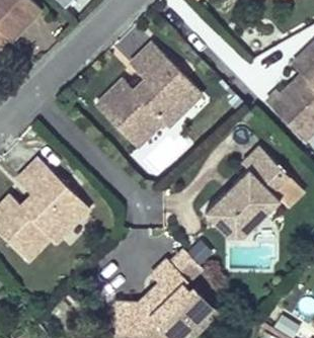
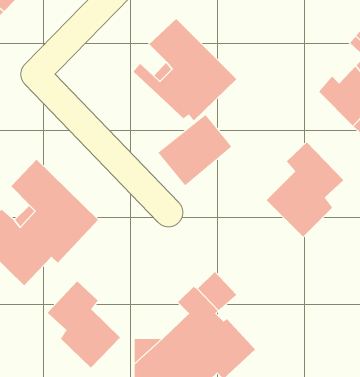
building: [96,87,158,147] -> none
building: [206,191,255,234] -> none
building: none -> [47,281,121,369]

